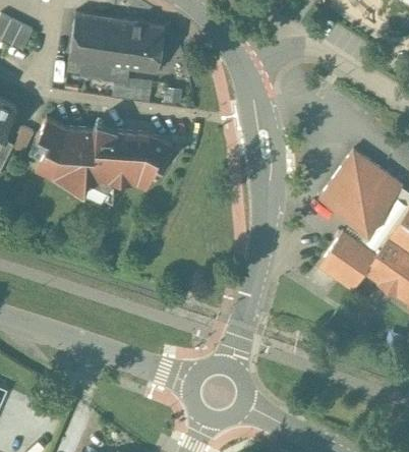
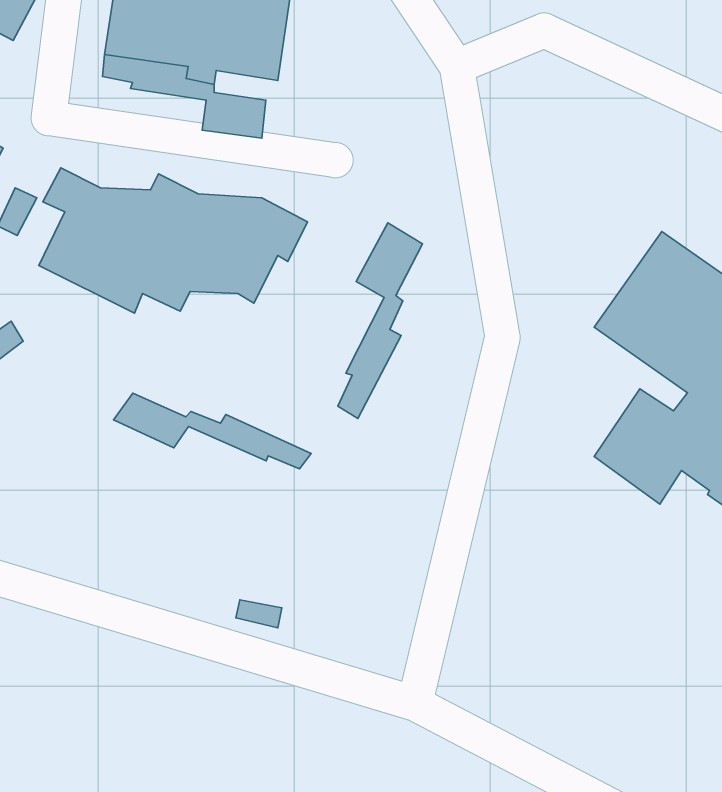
building: none -> [338,223,422,418]
building: none -> [113,393,311,469]

